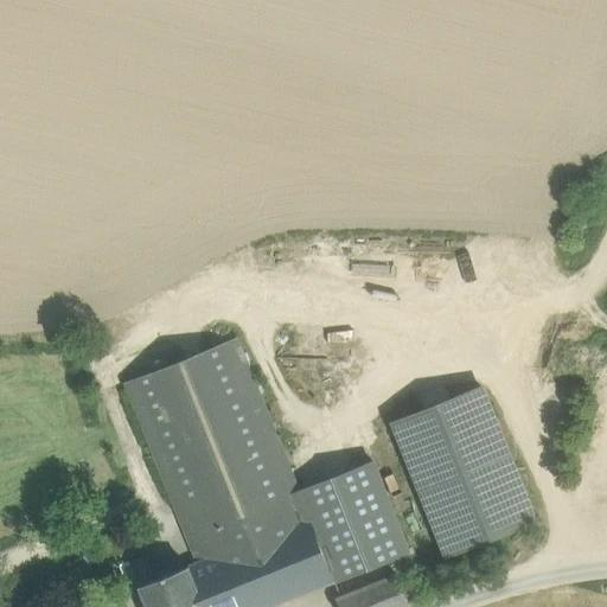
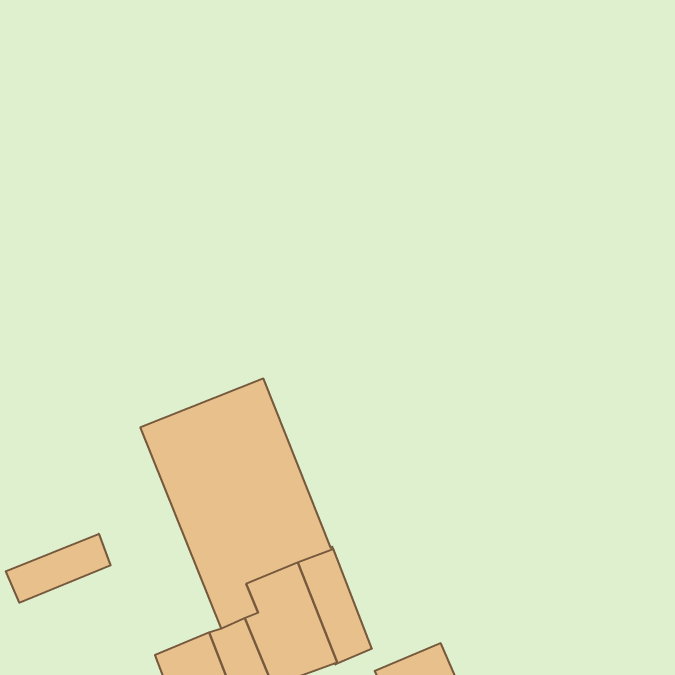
building: [394,389,535,558] -> none
building: [301,464,408,582] -> none
building: none -> [6,534,111,603]

